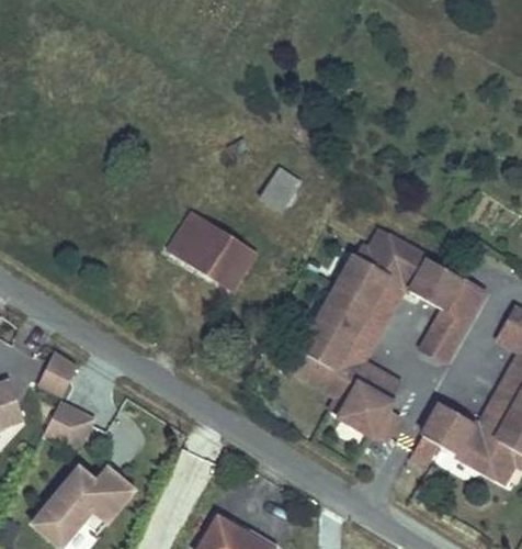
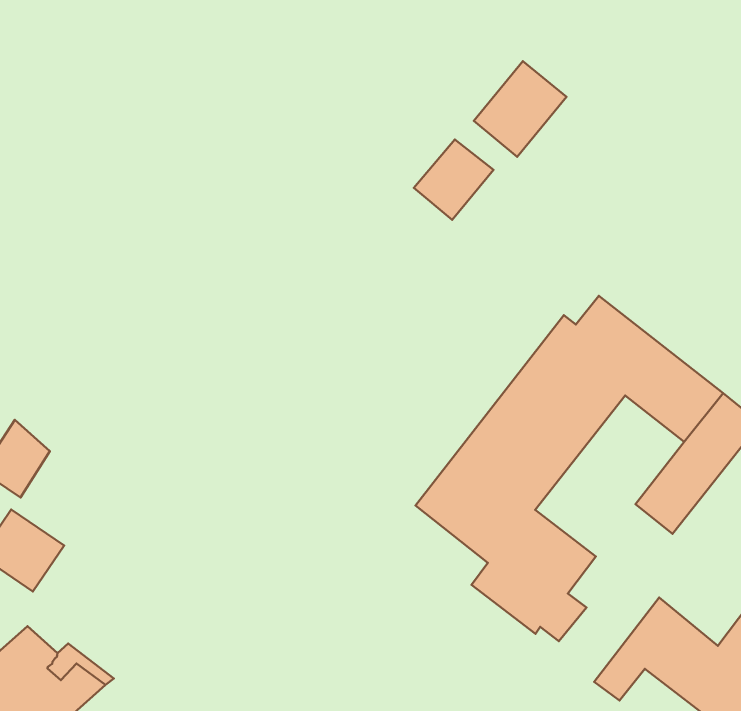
building: none -> [474,61,566,157]
building: [168,210,258,280] -> none

